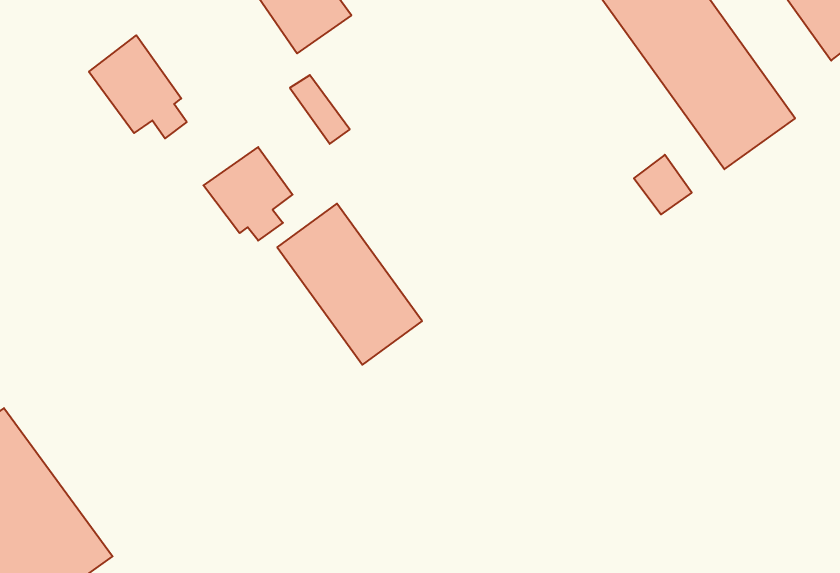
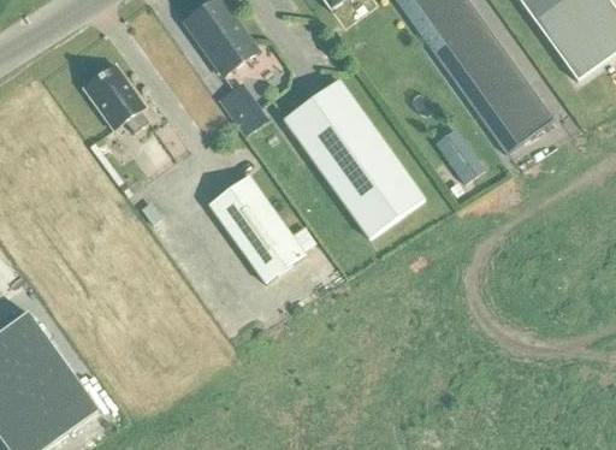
building: none -> [284,78,425,237]
building: [203,147,293,241] -> none

